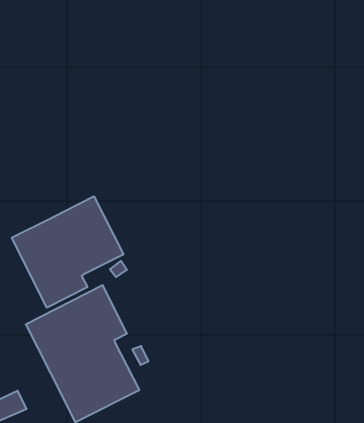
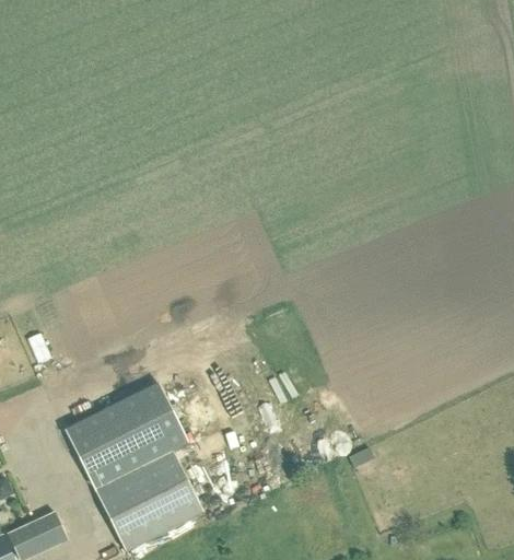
building: [12,196,123,308] -> none

